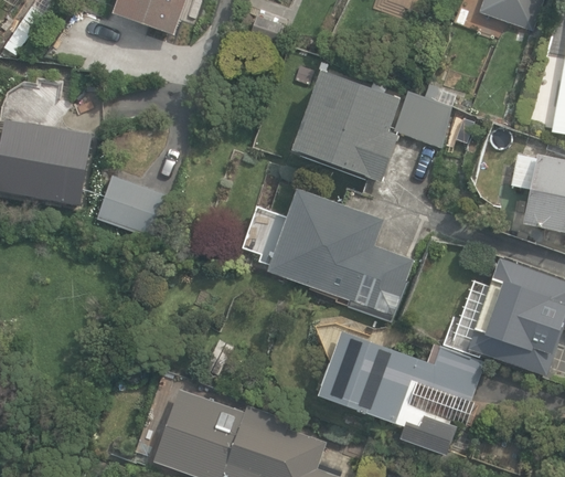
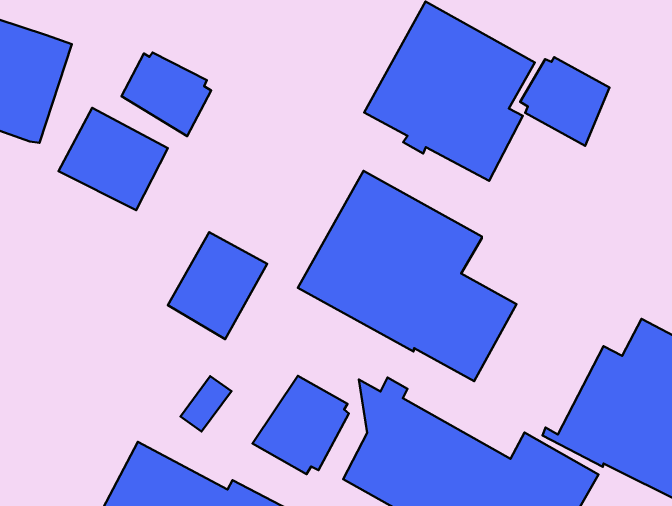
building: none -> [122,53,211,136]
building: none -> [168,232,267,339]
building: none -> [253,376,349,474]

